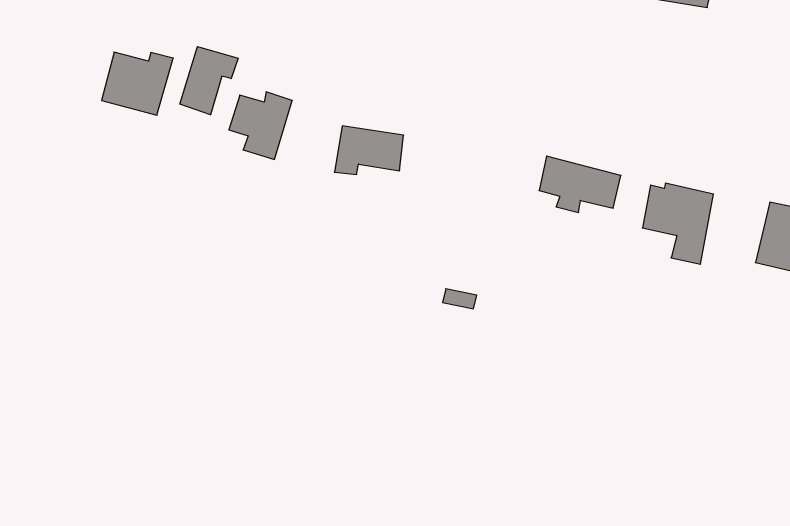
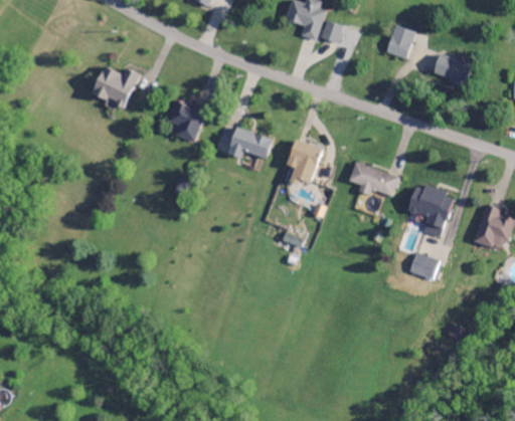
building: [180,47,238,115] -> none
building: none -> [288,140,321,185]
building: none -> [410,252,439,278]

